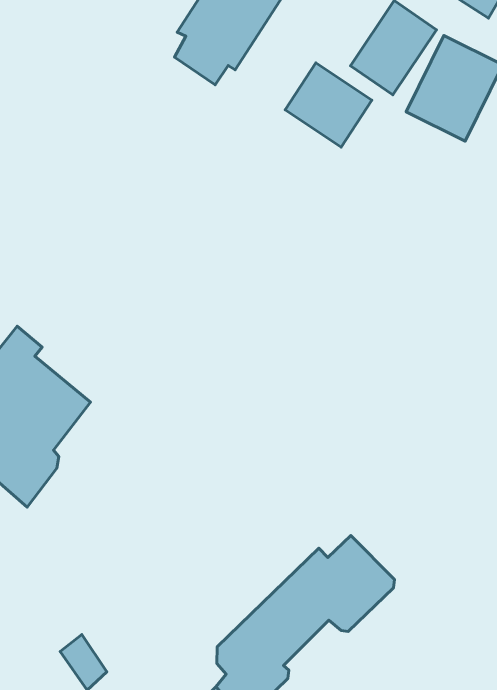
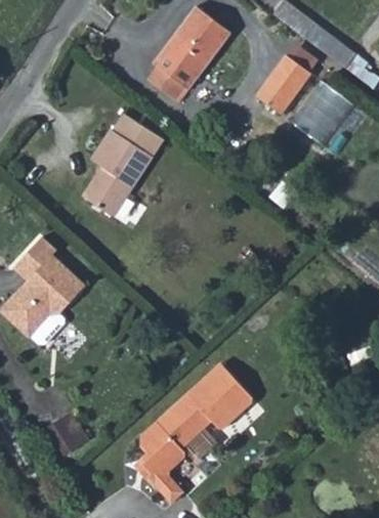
building: [285,63,372,147] -> none
building: none -> [83,116,166,219]

